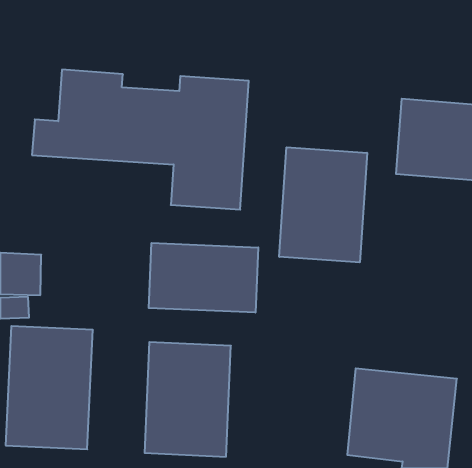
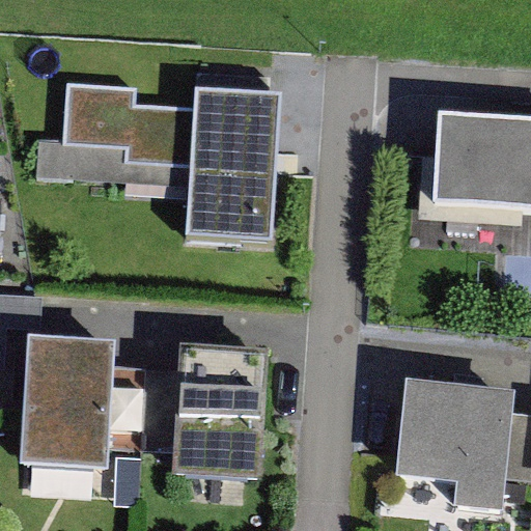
building: [279,147,367,262] -> none
building: [149,243,258,313] -> none

